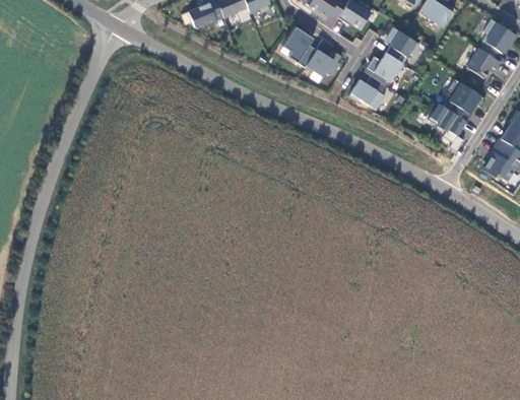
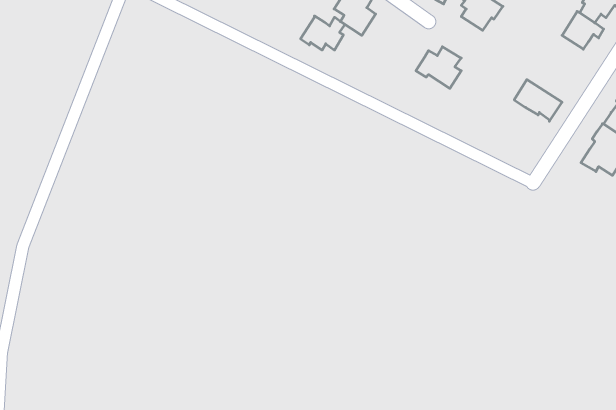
building: [306,49,341,76] -> [301,16,345,50]
building: [368,52,404,82] -> none
building: [448,78,485,121] -> none

